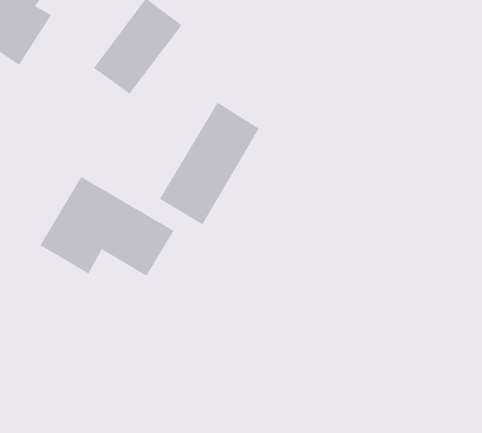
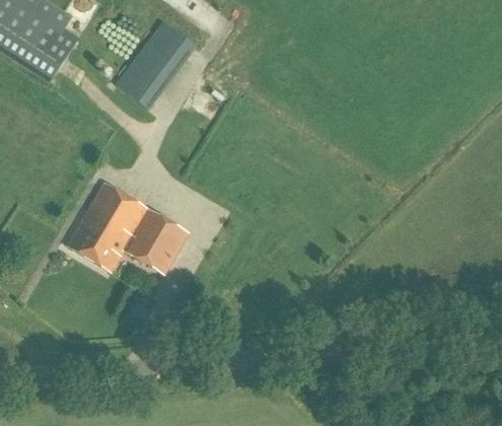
building: [159,102,260,225] -> none

